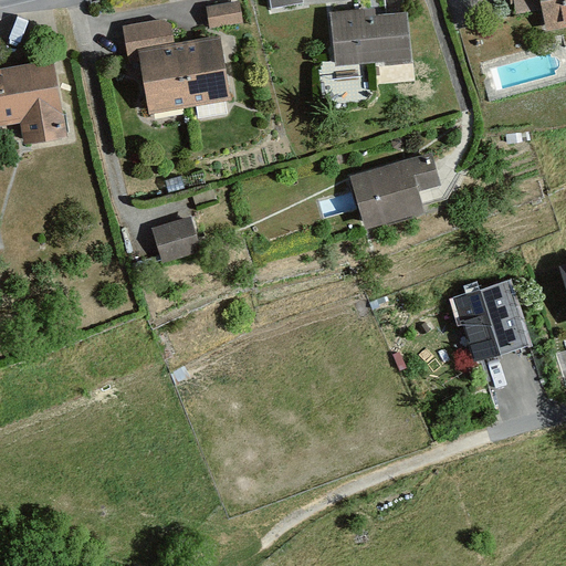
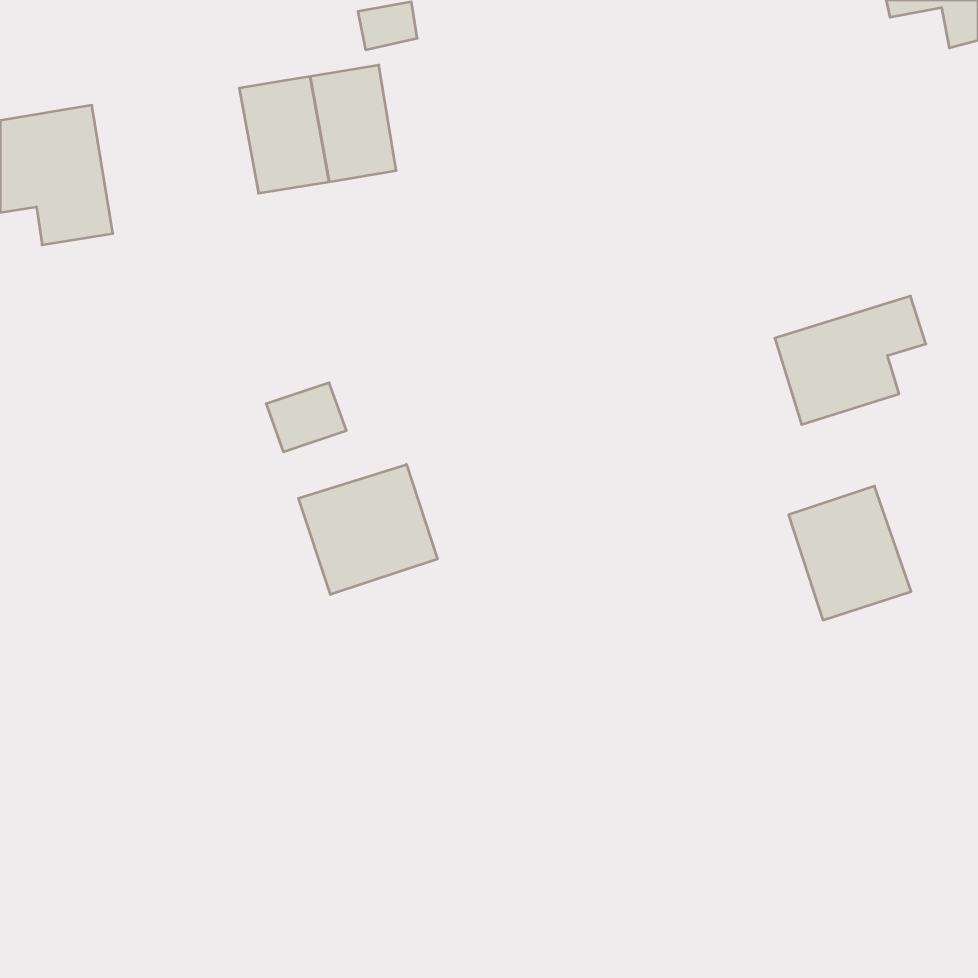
building: [332,12,408,64] -> none
building: [123,20,165,53] -> none
building: [350,153,438,227] -> [775,296,926,424]
building: none -> [298,464,437,595]

